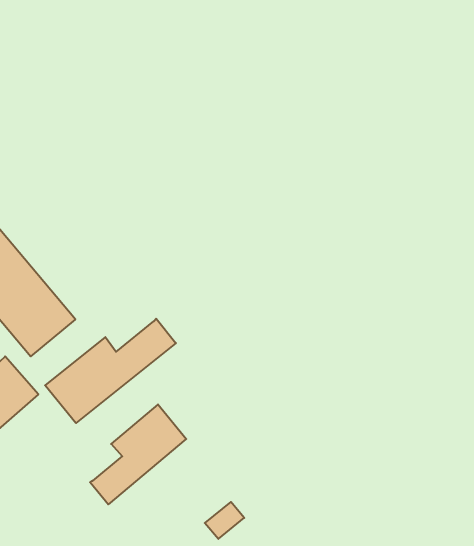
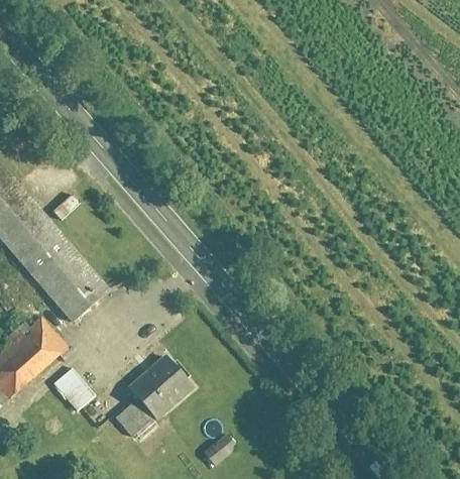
building: [45,319,176,423] -> none
building: none -> [55,368,94,408]

